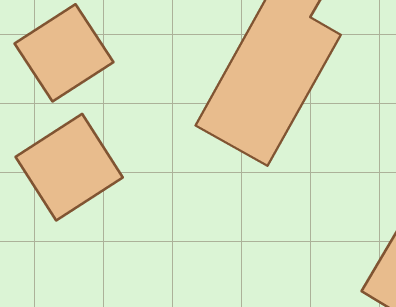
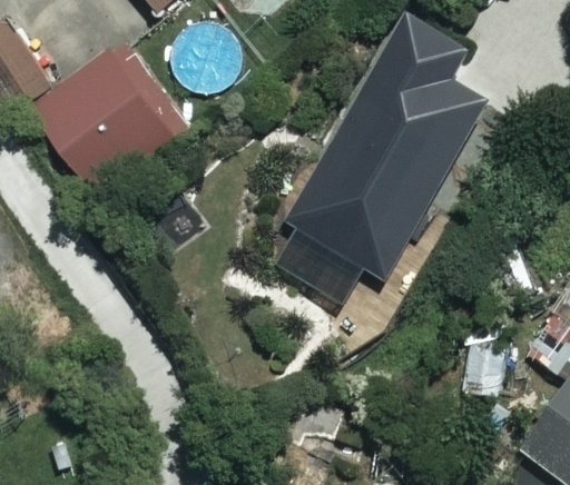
building: [15,114,123,221] -> none

